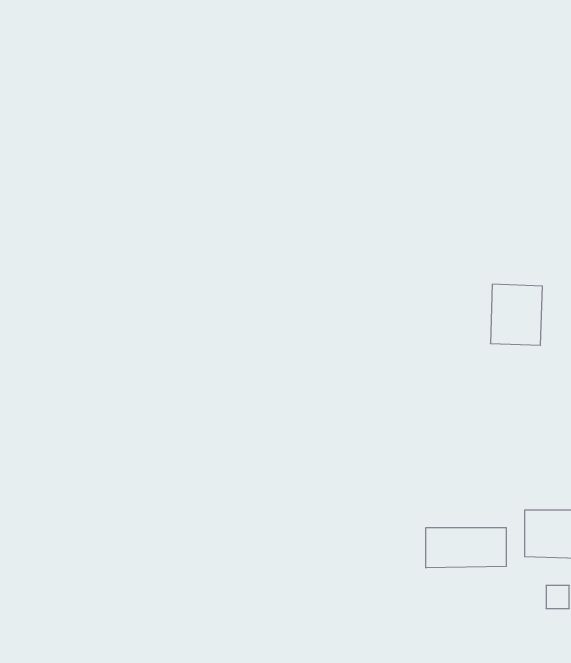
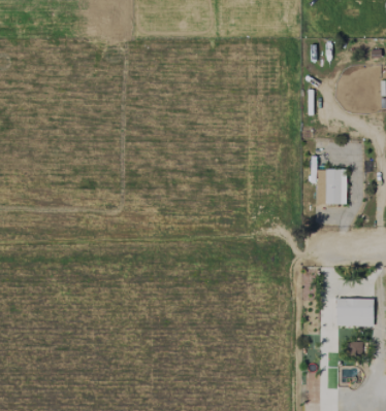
building: [426,528,506,568] -> none

